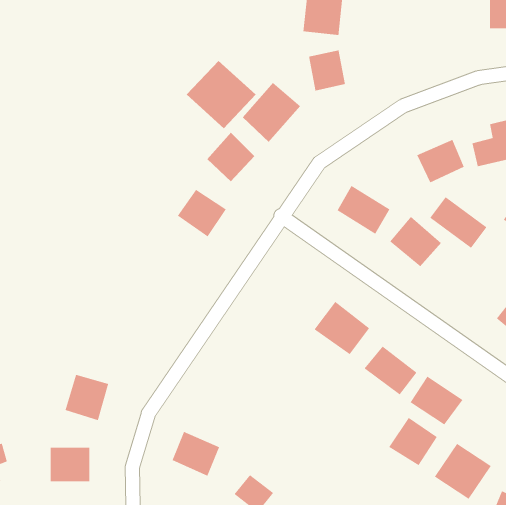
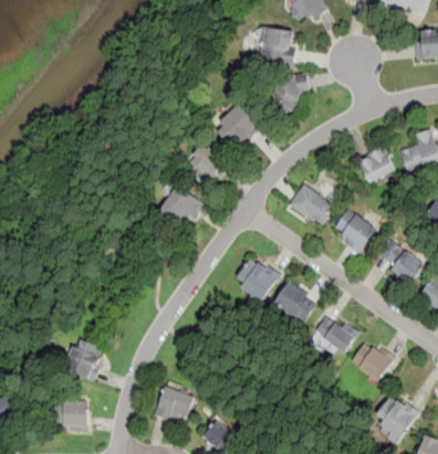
building: [186,60,256,129] -> none
building: [429,196,487,249] -> [376,240,424,283]
building: none -> [236,257,280,305]
building: [388,417,438,466] -> none

